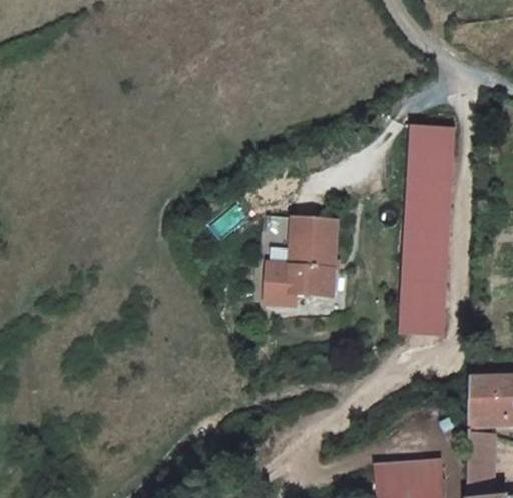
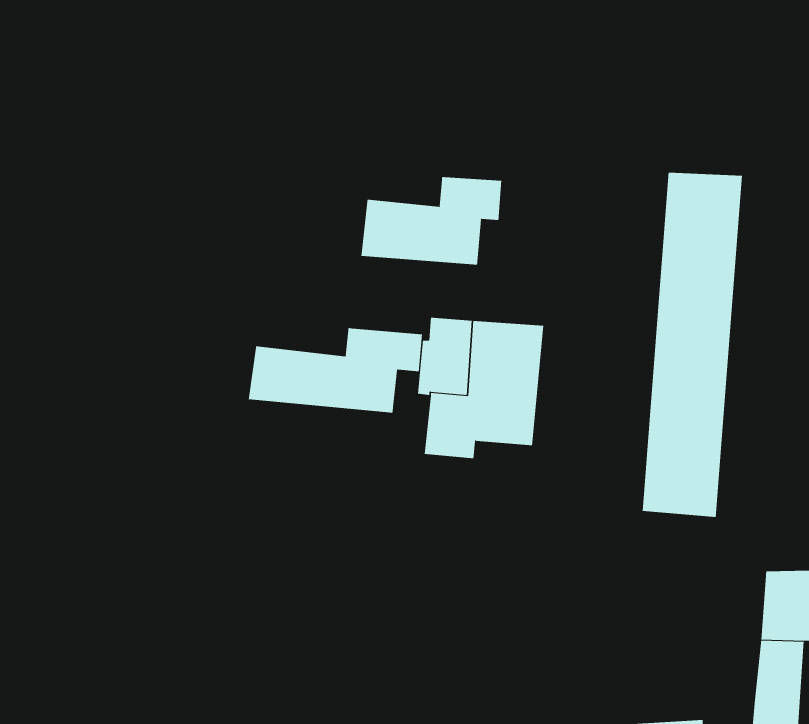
building: none -> [361,176,502,265]
building: none -> [248,327,423,413]

